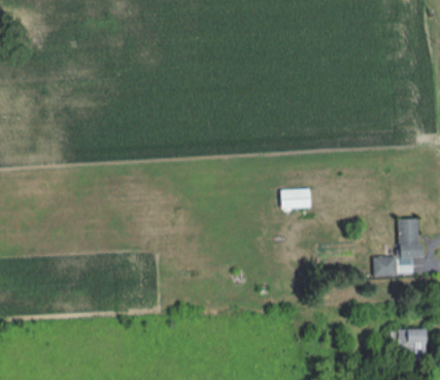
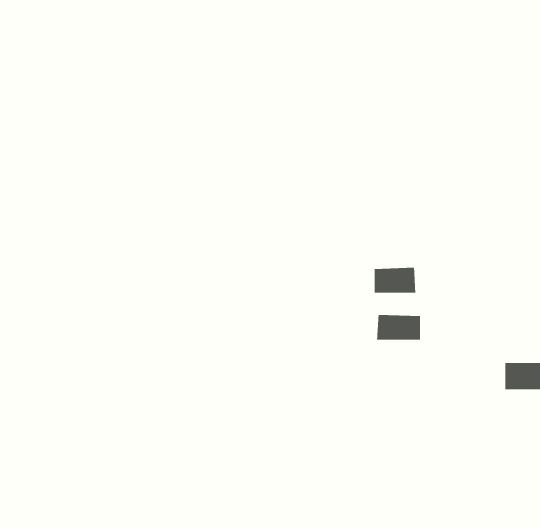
building: none -> [376,314,421,340]

